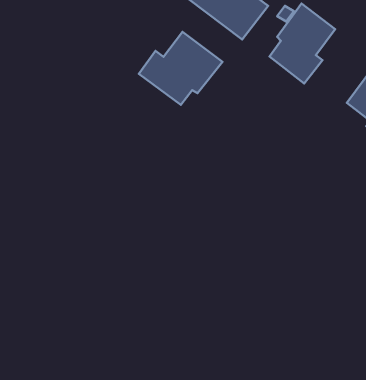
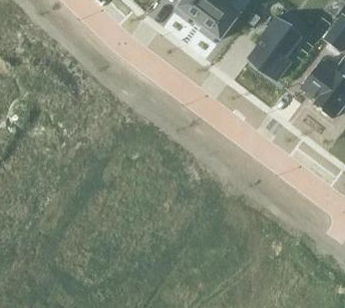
building: [139,32,223,105] -> none

